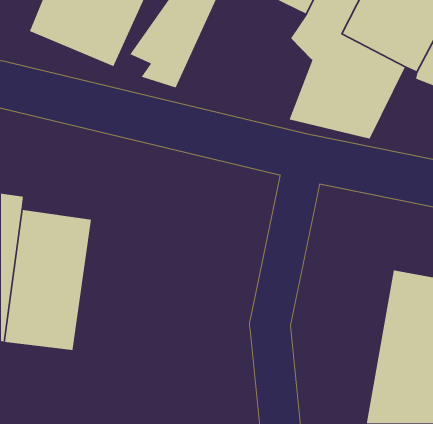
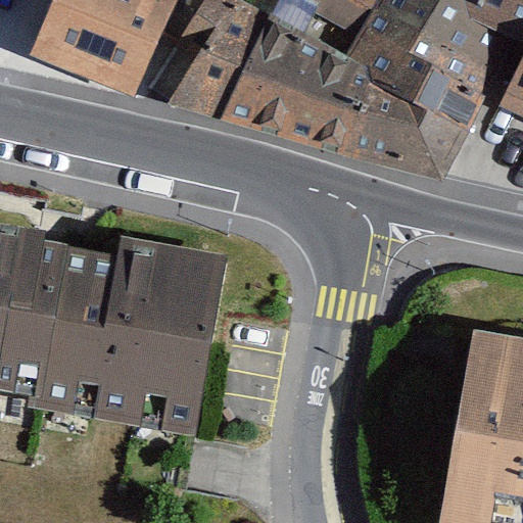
building: none -> [225,5,376,144]
building: none -> [87,248,219,443]

